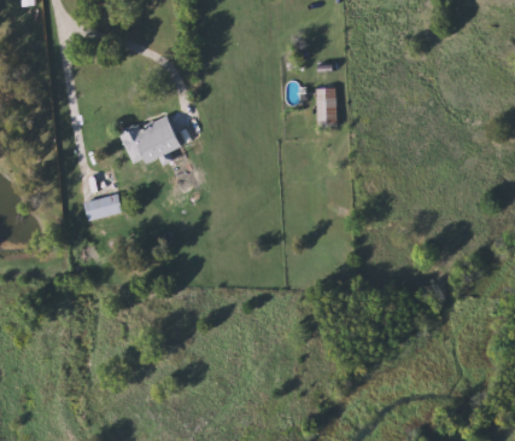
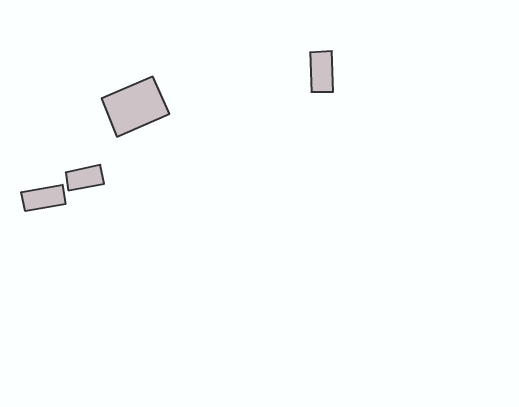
building: none -> [21,185,65,211]

